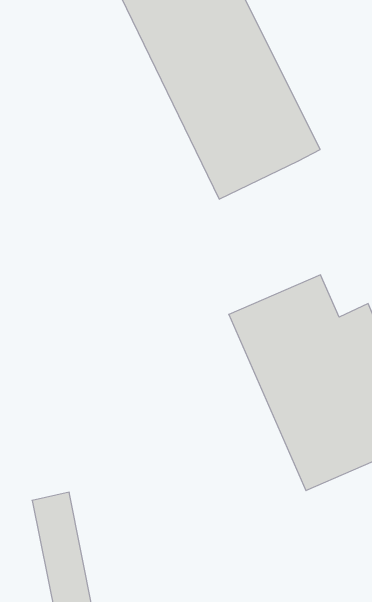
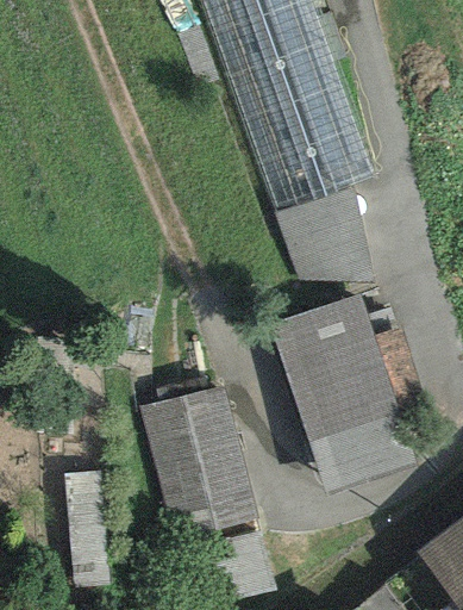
building: none -> [275,183,373,293]
building: none -> [140,385,258,540]

